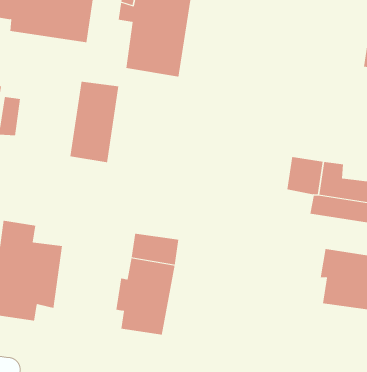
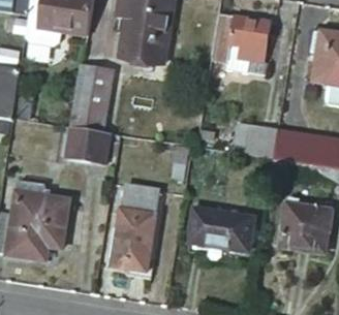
building: none -> [212,13,272,63]
building: none -> [66,126,111,164]
building: none -> [189,206,252,241]

